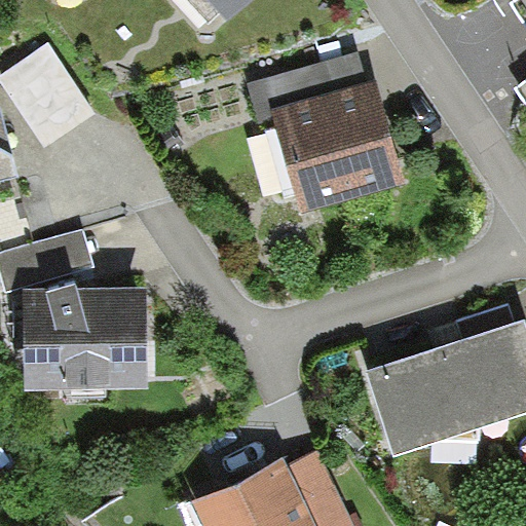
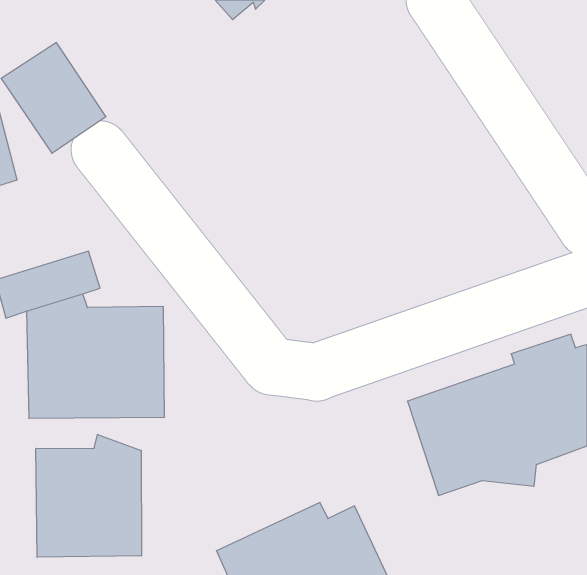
building: [248,58,403,209] -> none
building: none -> [36,434,141,557]

